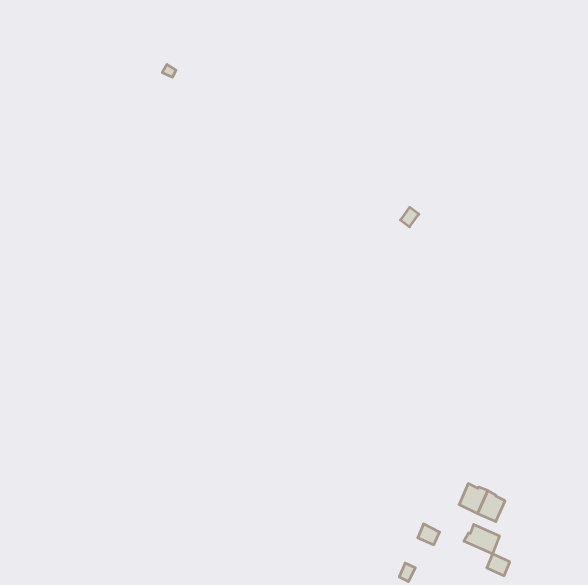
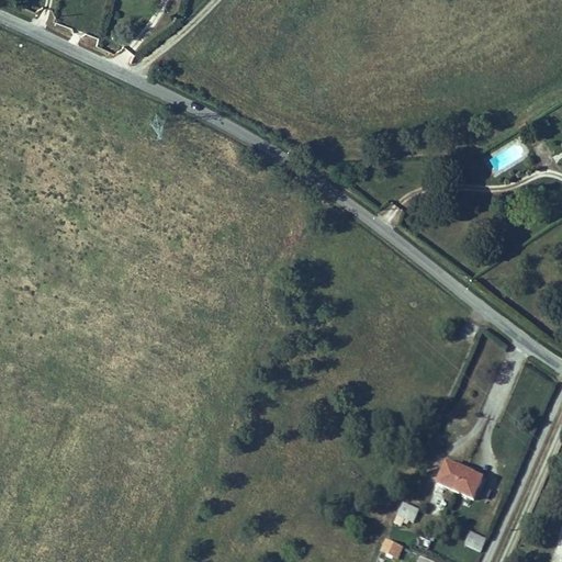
building: [464,524,499,554] -> none

